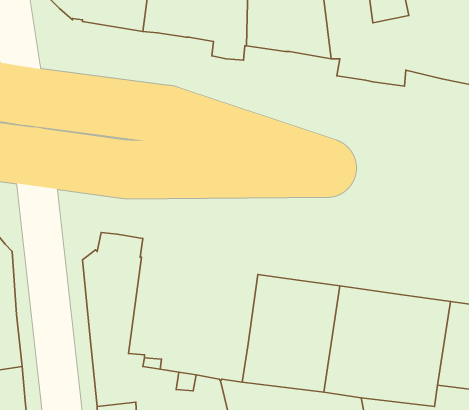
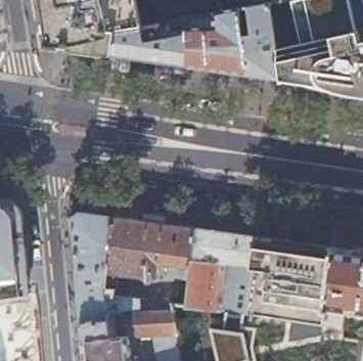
building: none -> [101,218,193,287]

